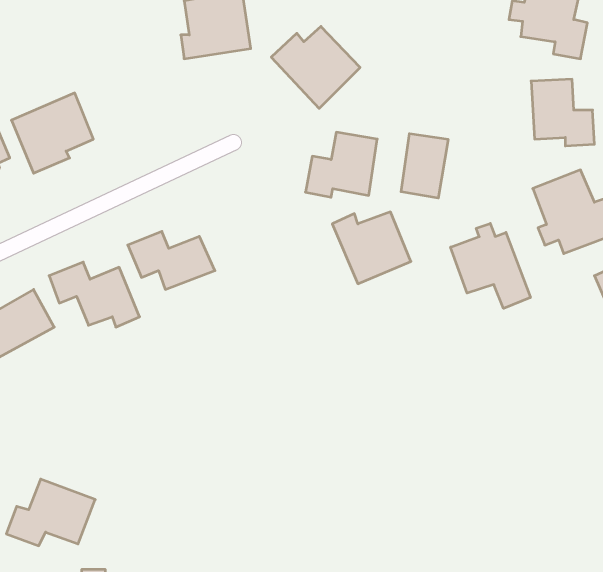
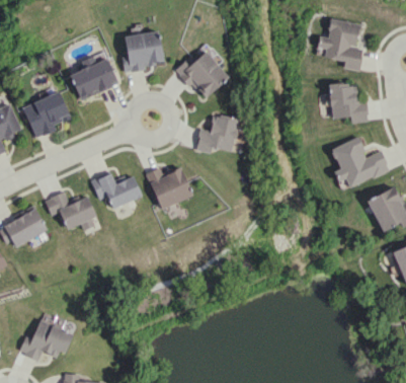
building: none -> [69,52,117,100]
building: [401,134,448,198] -> none
building: [332,212,411,284] -> [146,166,192,209]
building: [451,223,530,308] -> none

